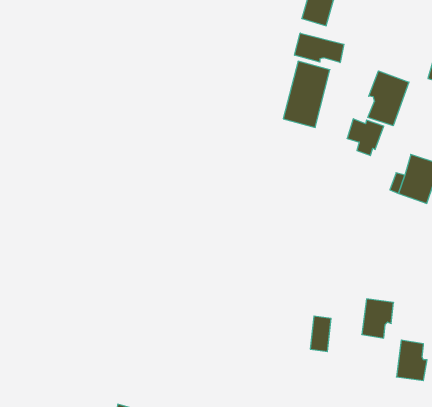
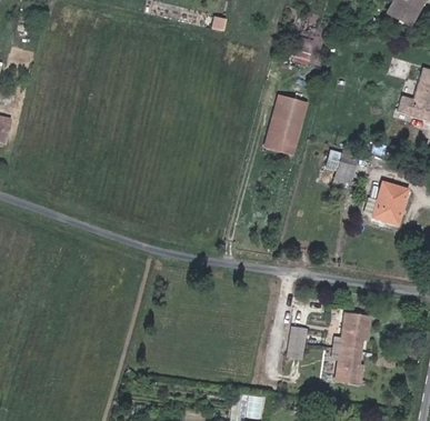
building: [295,33,344,63] -> none
building: [368,71,409,126] -> none
building: [396,340,427,381] -> [333,343,361,380]

